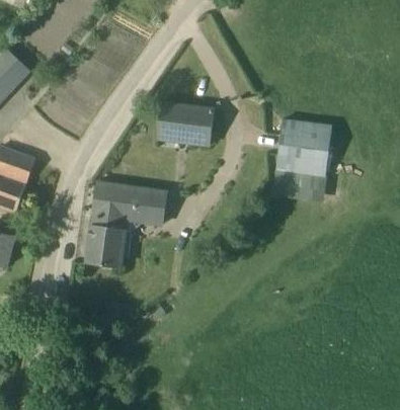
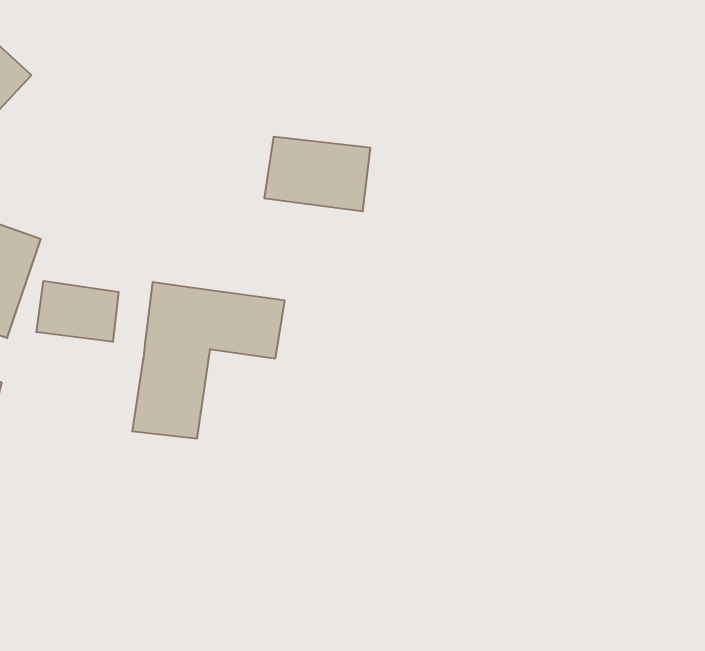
building: [271,117,332,202] -> none
building: none -> [36,281,118,342]

